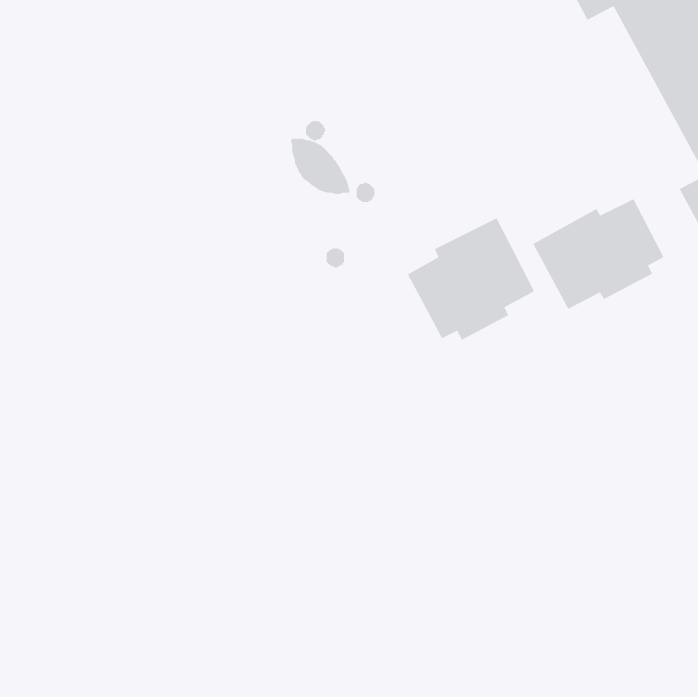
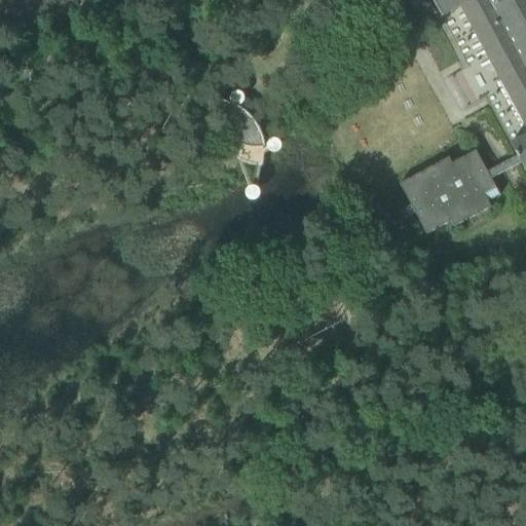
building: [407,218,535,341] -> none

